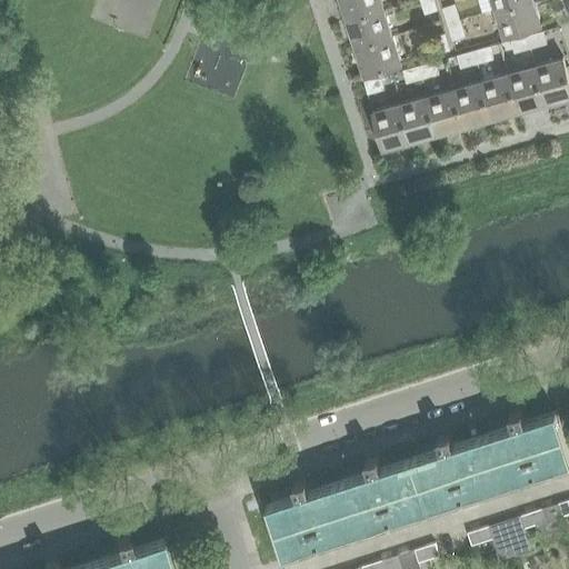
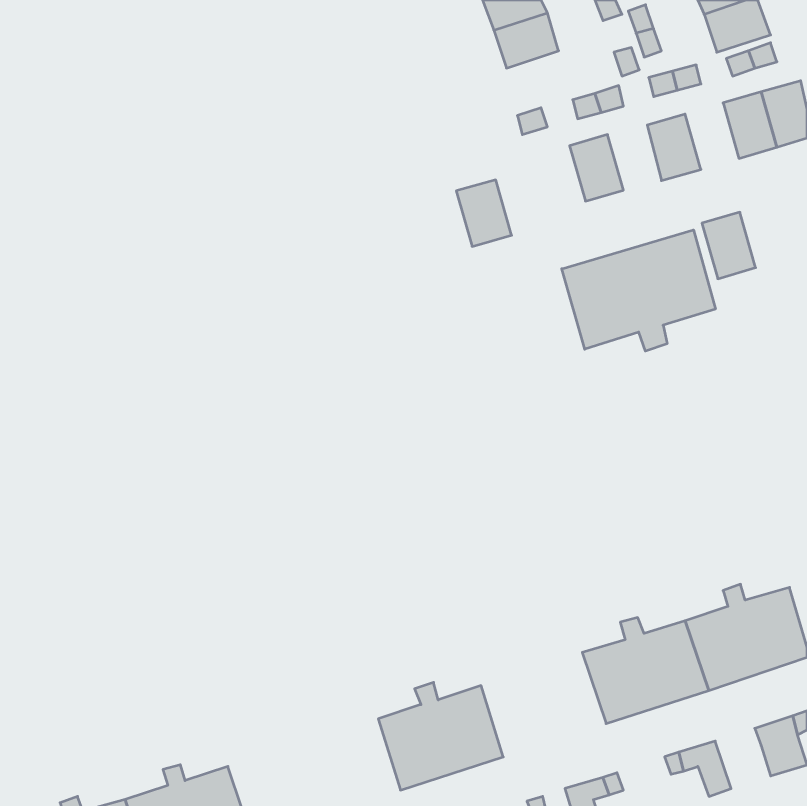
building: [356,38,401,78] -> none
building: [481,74,519,121] -> [702,212,756,279]
building: [427,90,465,136] -> none
building: [372,104,411,151] -> [456,180,512,246]
building: none -> [562,230,715,351]
building: [338,459,426,533] -> none
building: [502,513,535,556] -> none

